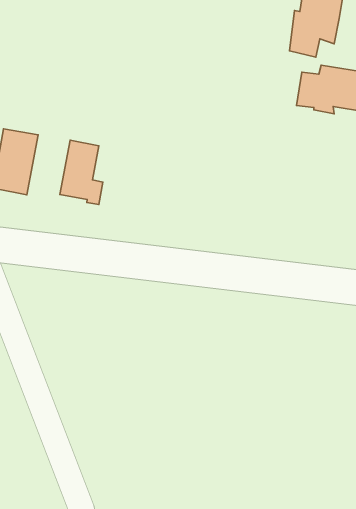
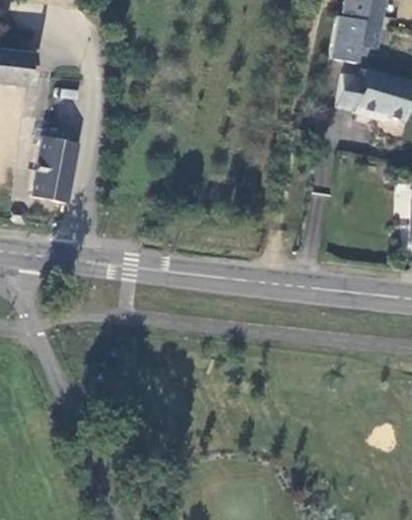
building: [60,140,103,204] -> none

